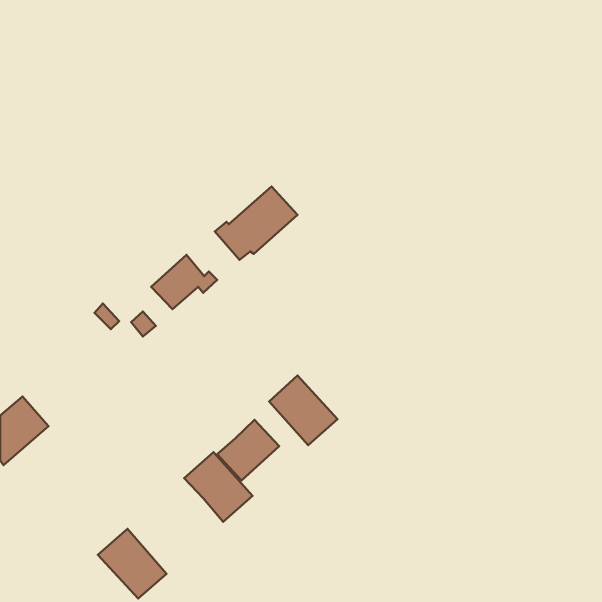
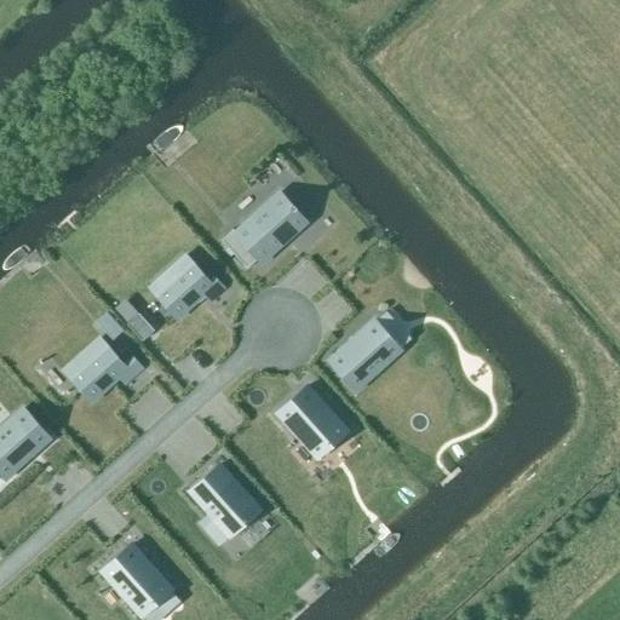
building: none -> [331,318,402,389]
building: none -> [71,344,139,400]
building: [217,420,279,481] -> none

